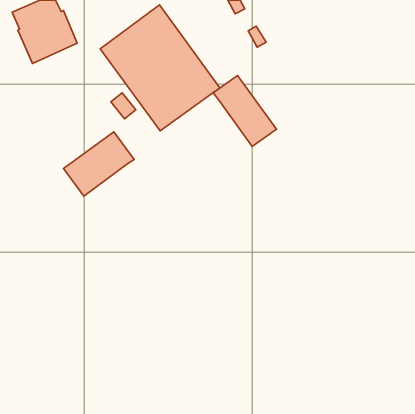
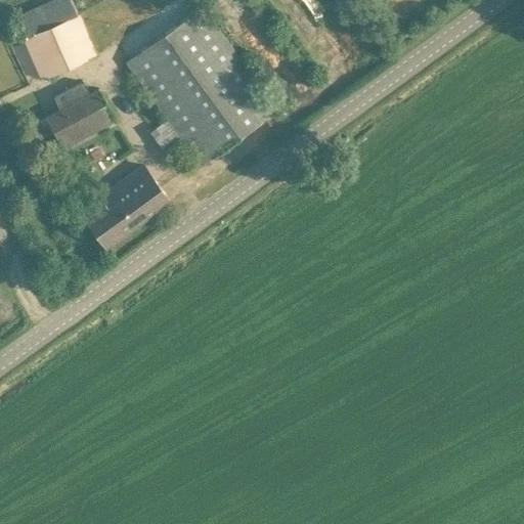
building: none -> [28,84,117,154]
building: [213,76,276,146] -> none

